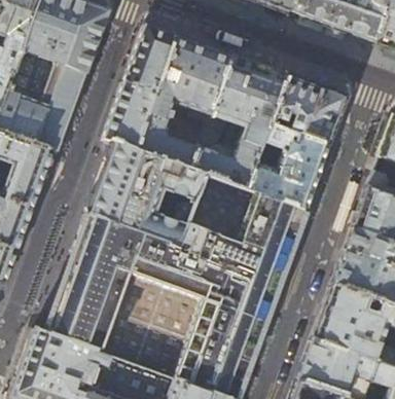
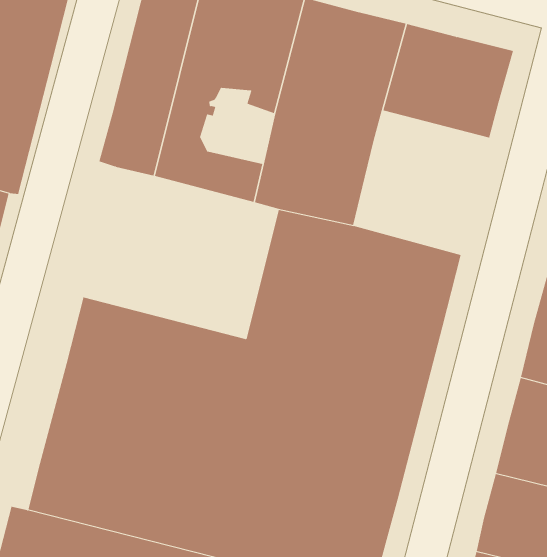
building: [246,124,328,211] -> none
building: [87,142,204,247] -> none

